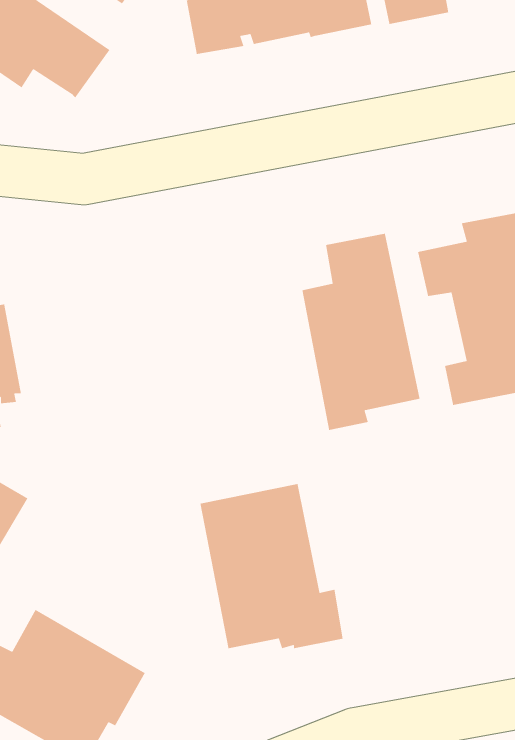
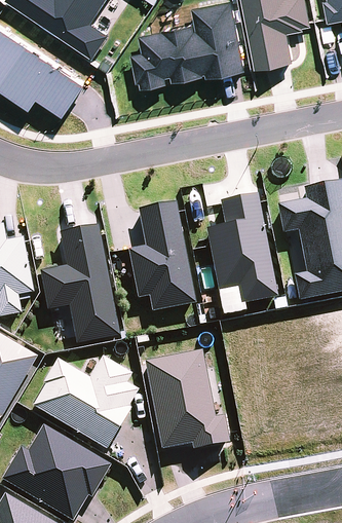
building: none -> [127,201,196,311]
building: none -> [40,225,120,343]
building: none -> [32,356,139,450]

